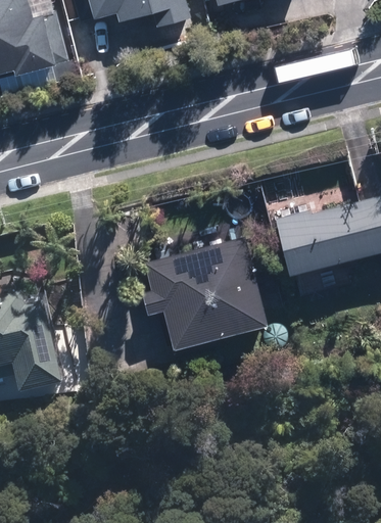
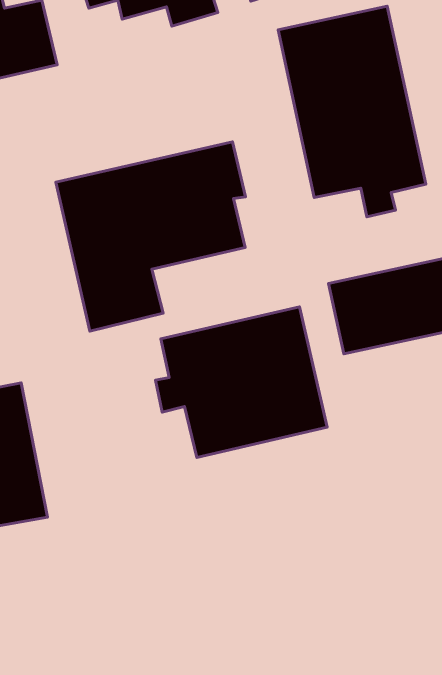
building: none -> [278,6,426,217]
building: none -> [56,142,245,331]

